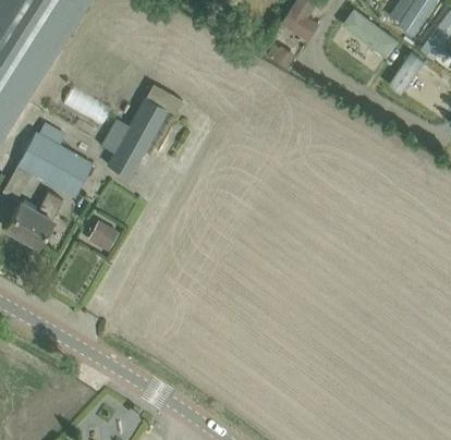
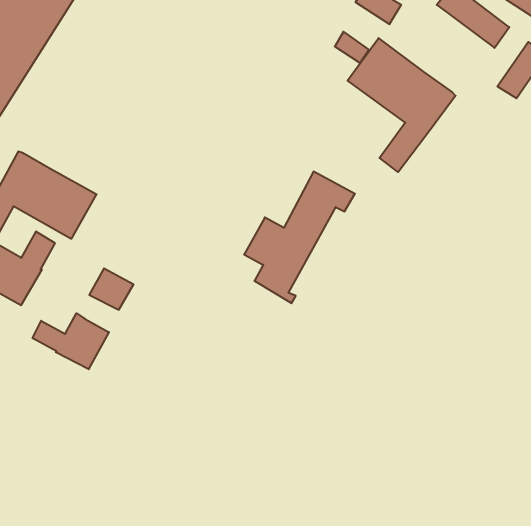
building: none -> [348,38,456,172]
building: [99,86,181,183] -> [244,171,355,303]
building: none -> [33,313,109,369]

